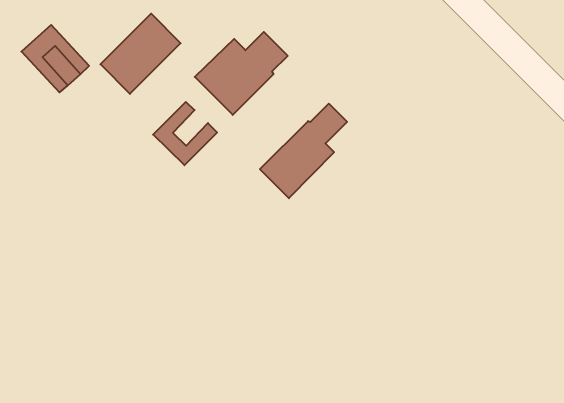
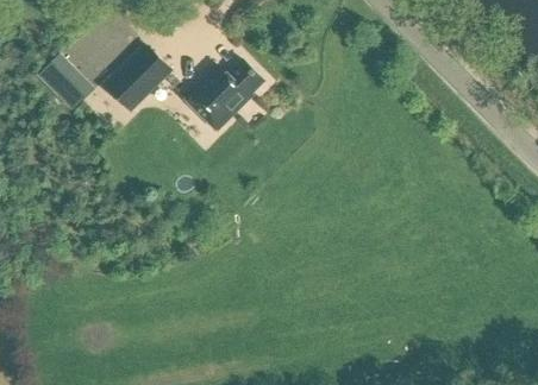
building: [153,102,217,165] -> none
building: [260,104,347,198] -> none

